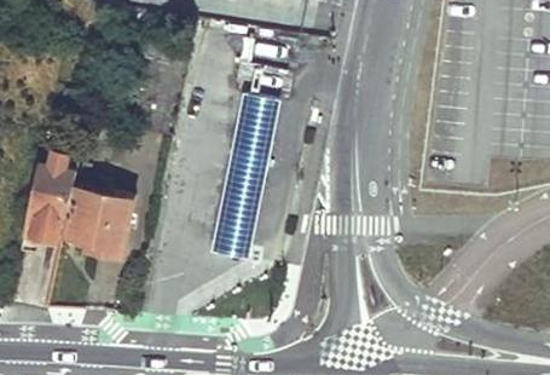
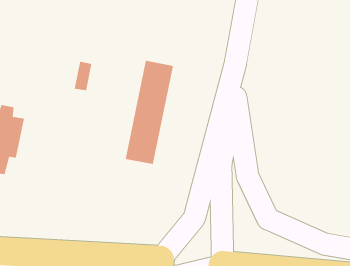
building: [64,157,133,256] -> none

